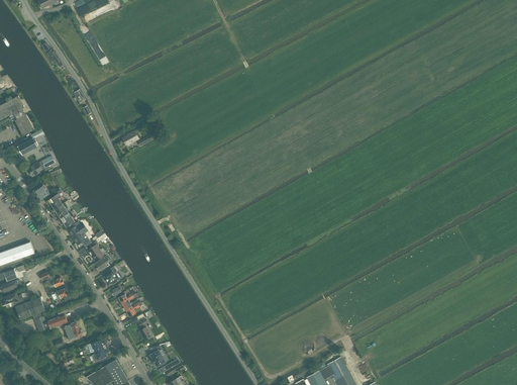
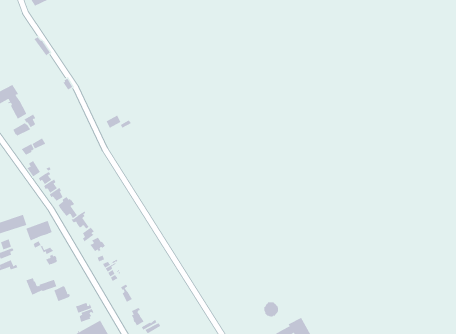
building: [14,297,44,320] -> [26,220,53,241]

